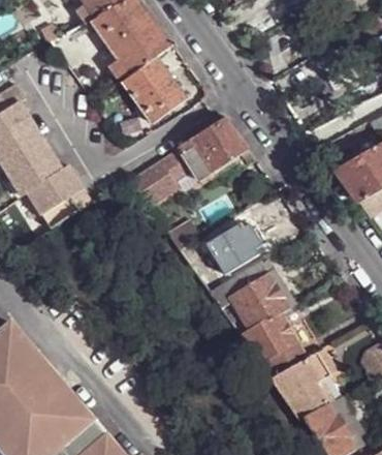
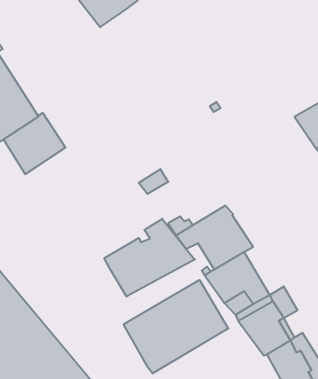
building: [122,57,186,123] -> none
building: [130,117,247,207] -> none
building: [204,224,256,275] -> none
building: none -> [104,219,195,297]
building: none -> [124,280,228,374]

